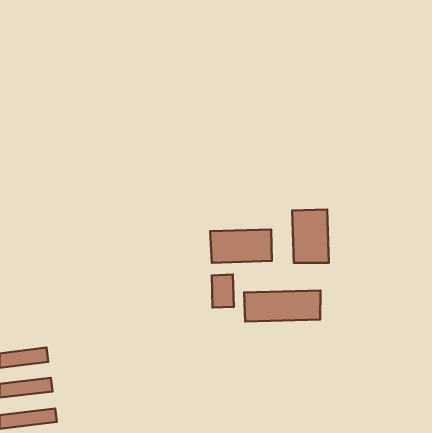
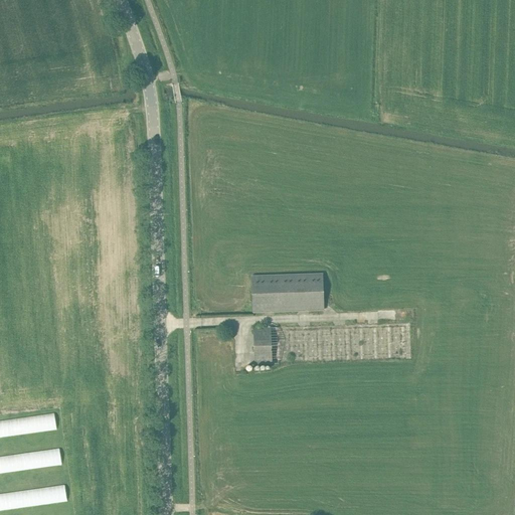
building: [292,209,329,263] -> none
building: [244,290,320,321] -> none

